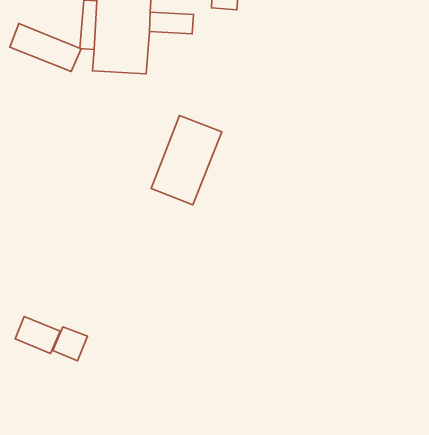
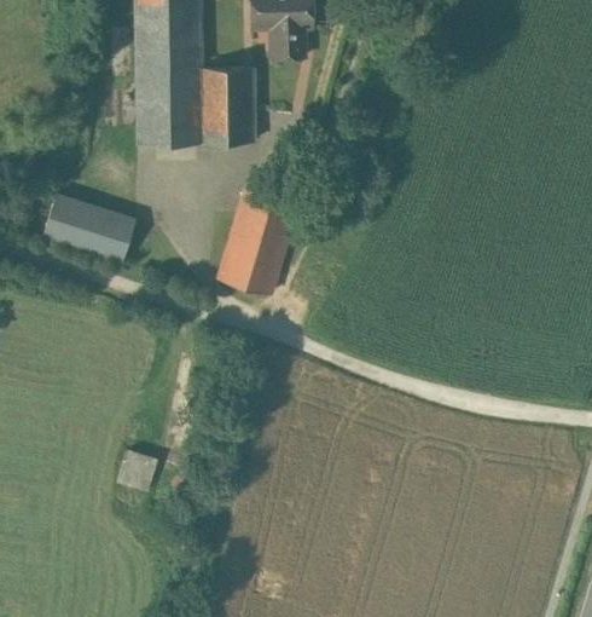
building: [10,24,81,72] -> [45,207,129,259]
building: none -> [203,88,254,140]
building: [15,316,60,353] -> none

